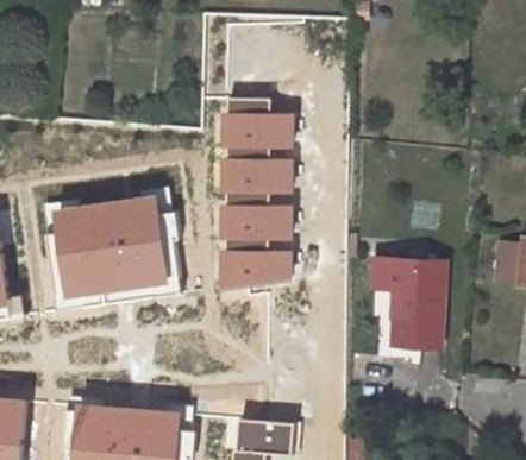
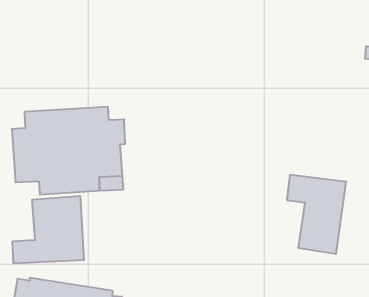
building: [225,97,293,286] -> none
building: none -> [13,196,84,264]

